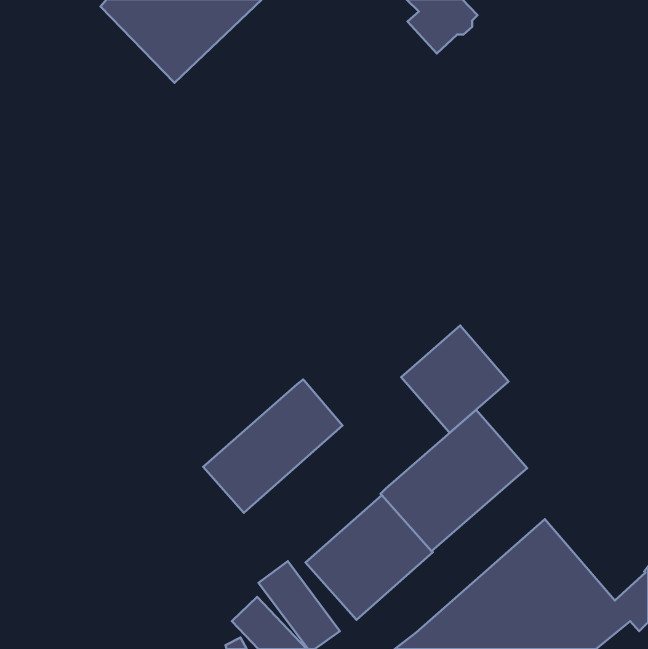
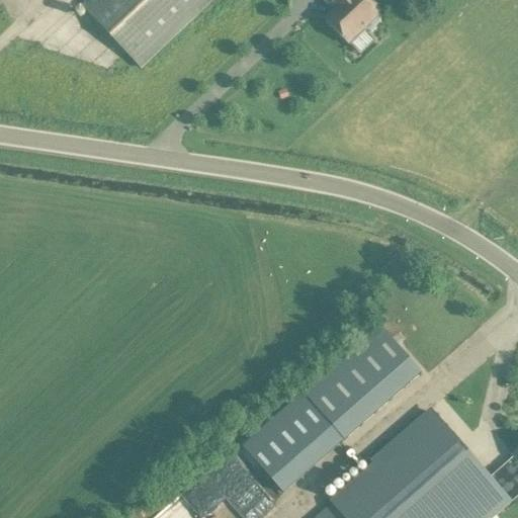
building: [401,326,509,433] -> none
building: [203,379,343,513] -> none

